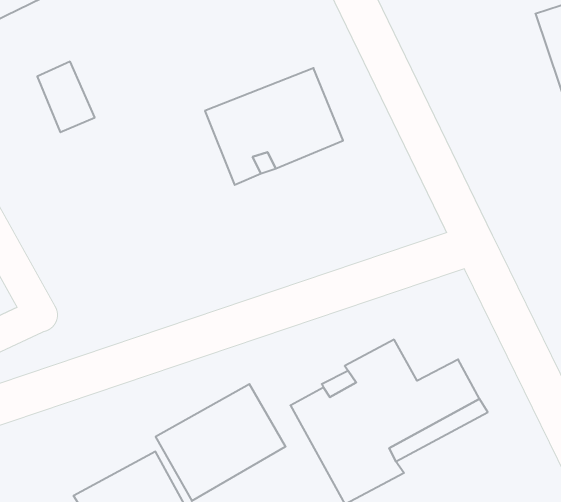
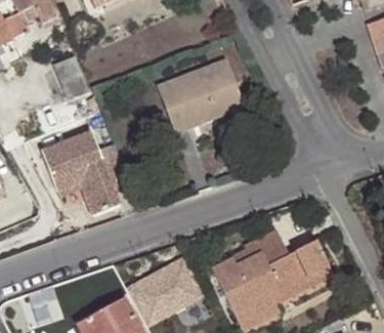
building: none -> [42,132,132,217]

